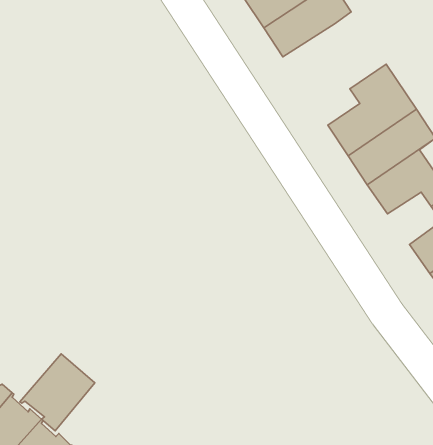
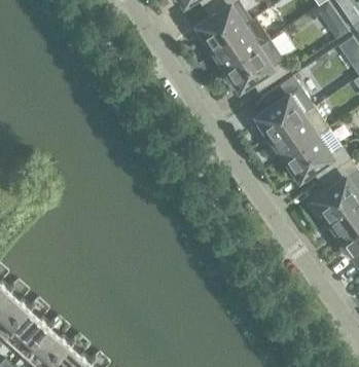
building: none -> [221,40,291,94]
building: [20,354,95,431] -> none

